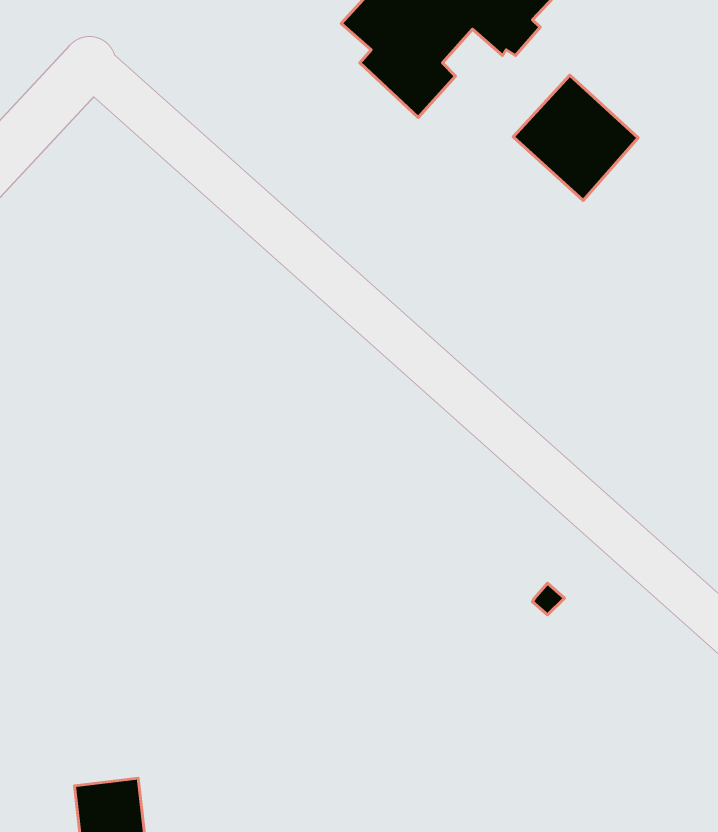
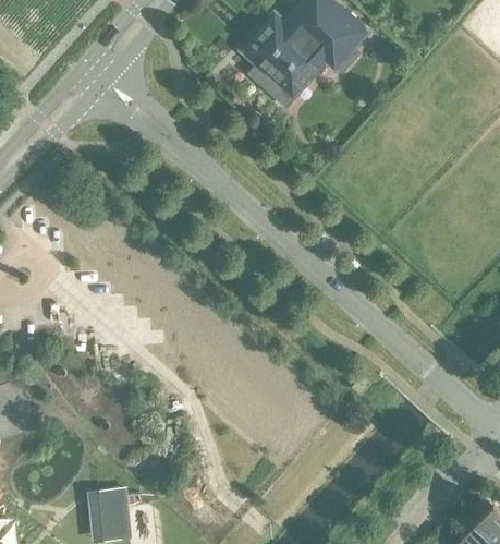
building: [513,75,638,200] -> none

